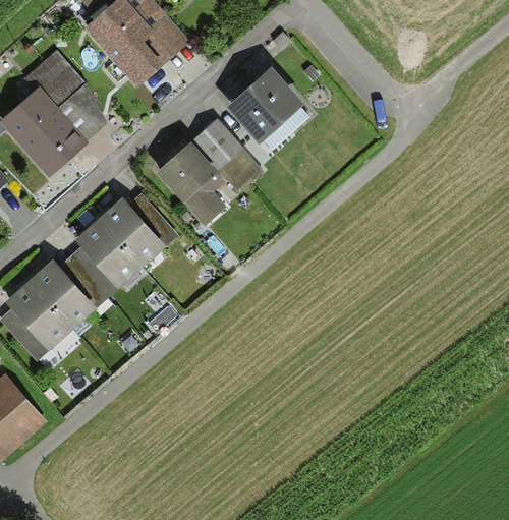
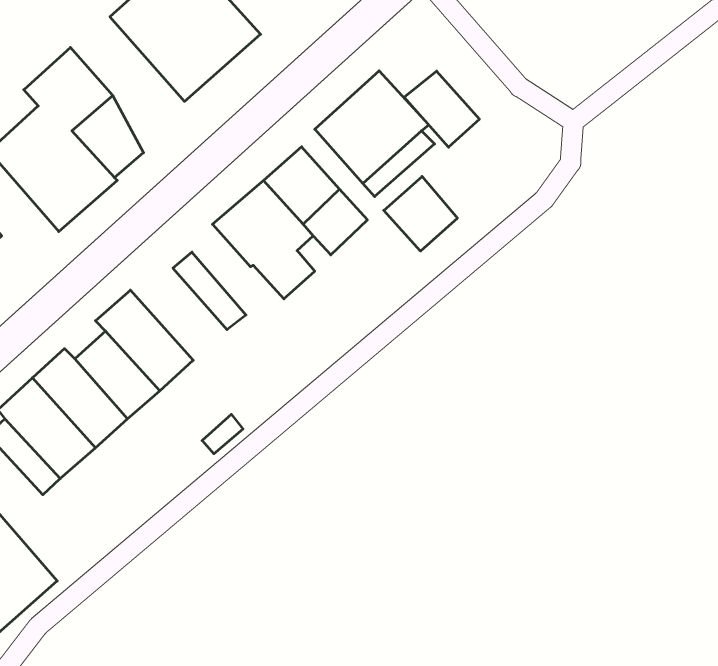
building: none -> [404,71,479,147]
building: none -> [384,176,457,251]
building: [98,197,165,268] -> none

